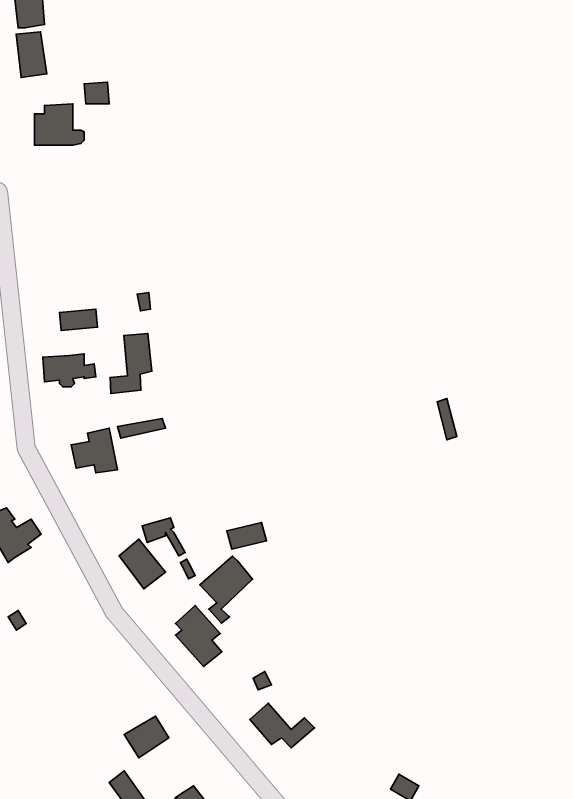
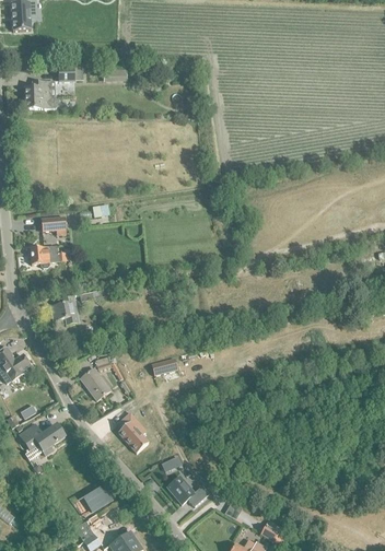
building: [16,32,47,77] -> none
building: [110,333,152,394] -> none
building: [200,556,252,623] -> none
building: none -> [19,424,63,455]

